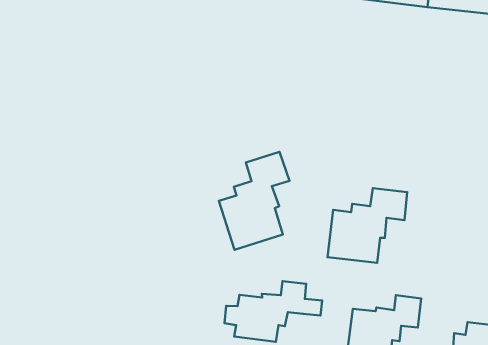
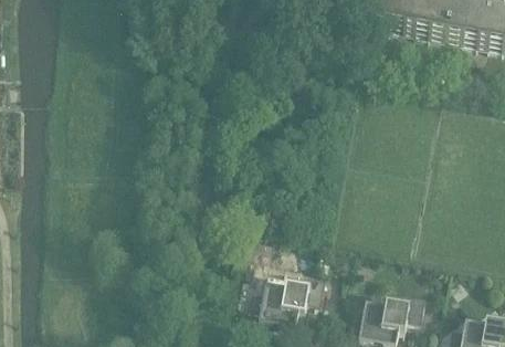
building: [219,152,289,250] -> none
building: [327,188,407,263] -> none

